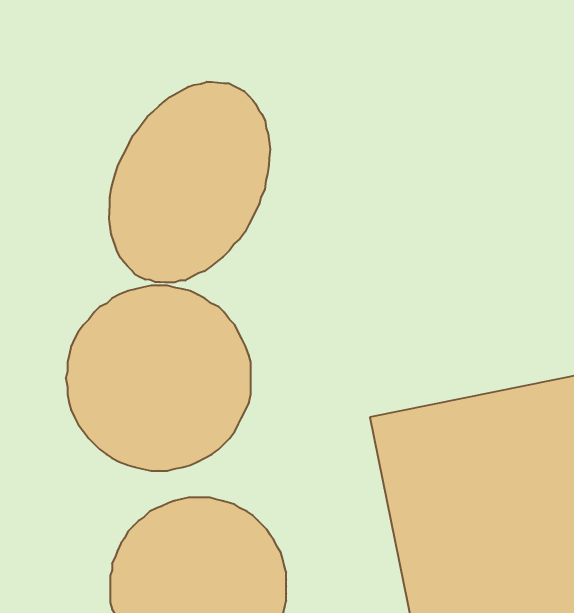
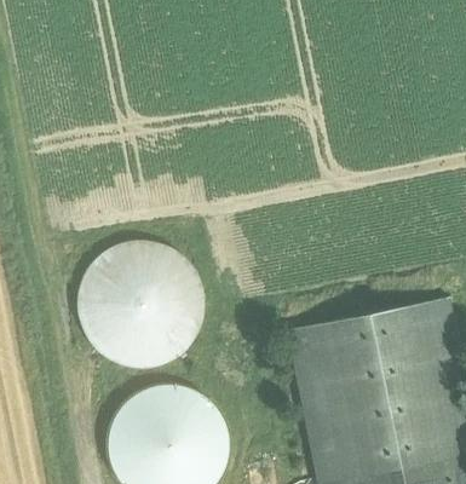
building: [109,82,270,282] -> none

